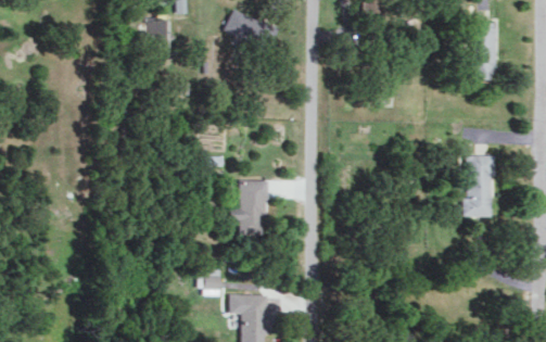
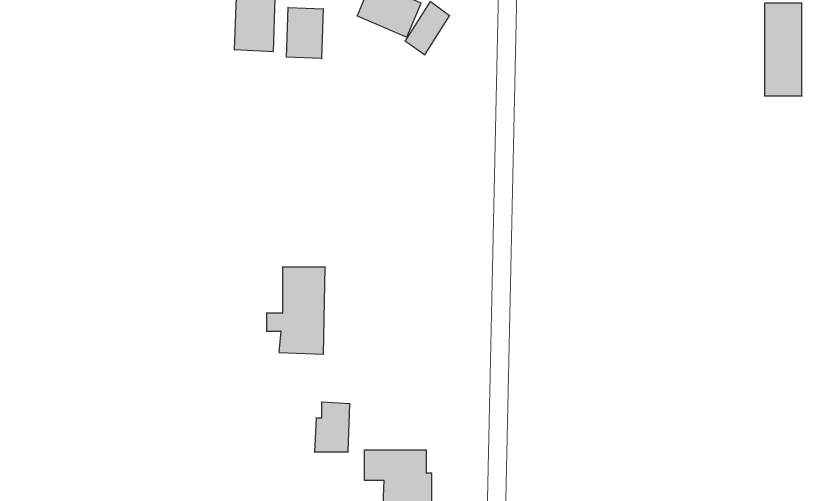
building: none -> [286,7,323,59]
building: [464,155,492,217] -> none
building: [231,181,267,235] -> [266,267,325,354]

